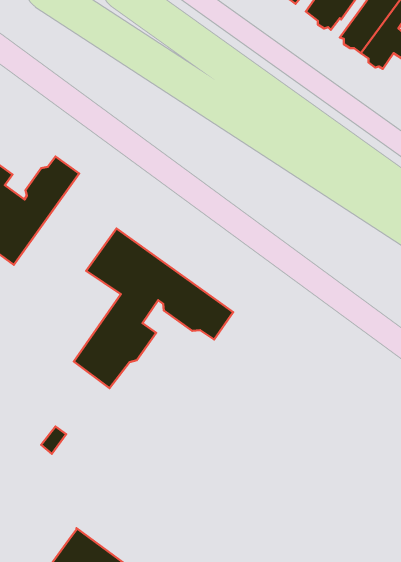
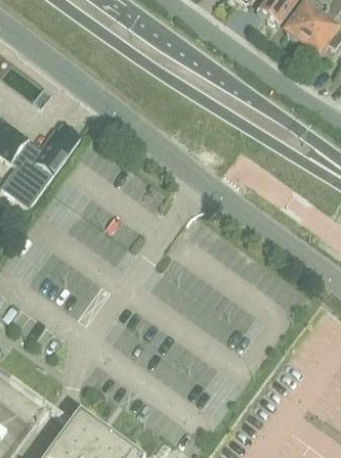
building: [74,229,233,388] -> none

